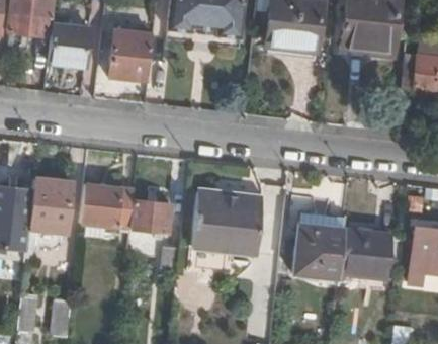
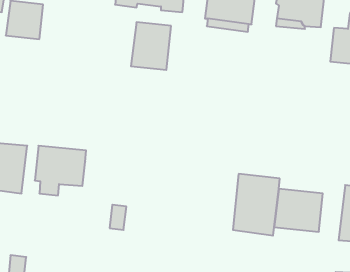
building: [109,28,153,80] -> [131,22,171,70]
building: [193,180,264,252] -> none
building: [132,197,173,236] -> none

